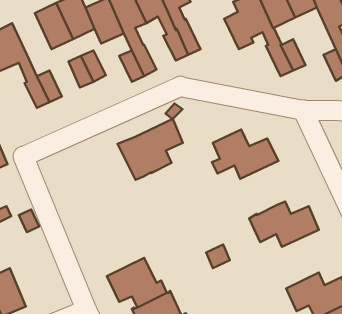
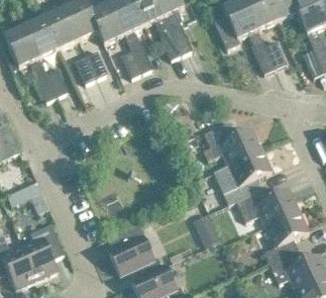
building: none -> [24,17,60,59]
building: [117,119,183,180] -> [213,150,271,204]
building: none -> [263,211,309,264]
building: none -> [22,224,65,280]

